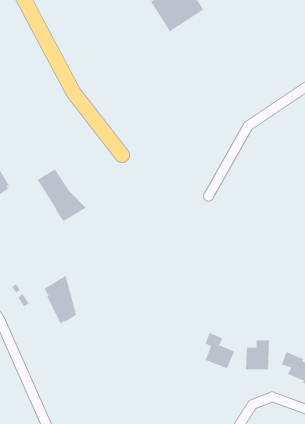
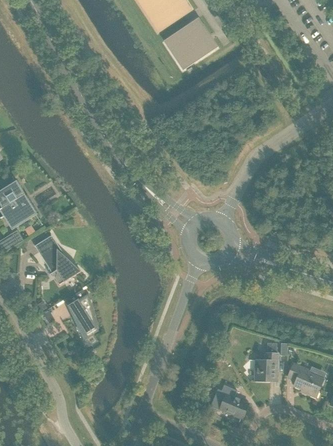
building: [37,167,87,222] -> [33,232,79,283]
building: [205,332,235,369] -> [218,383,246,417]

